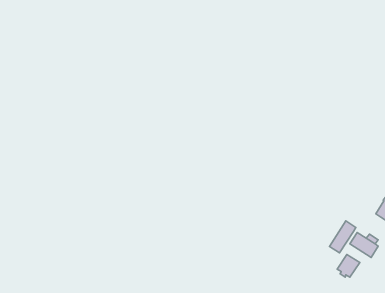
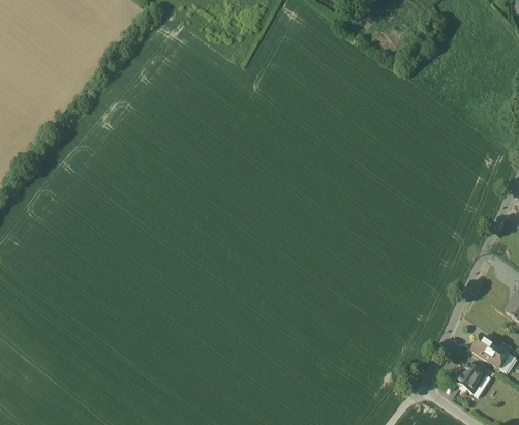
building: [330,221,356,253] -> none

